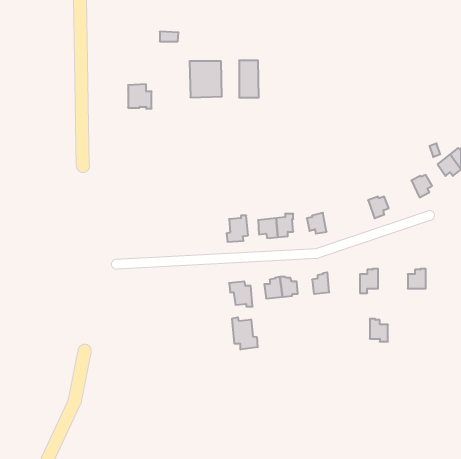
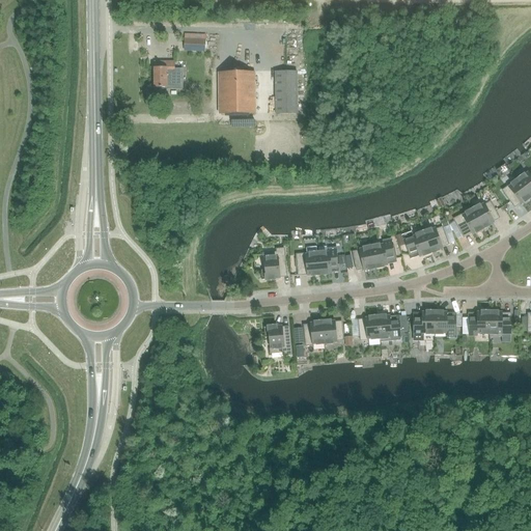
building: [128,84,152,109] -> [153,59,180,87]
building: none -> [454,207,482,232]
building: none -> [403,230,430,255]
building: none -> [371,237,394,267]
building: none -> [490,309,510,334]
building: none -> [376,313,401,340]
building: [232,317,258,350] -> none
building: [370,319,388,342] -> [435,309,455,335]

